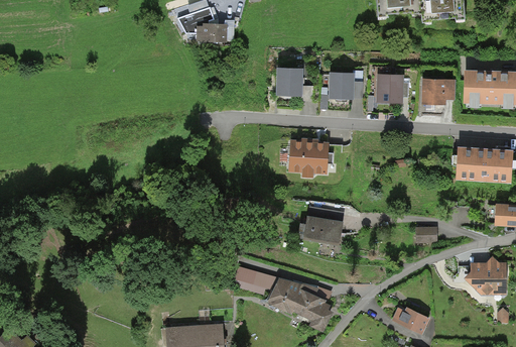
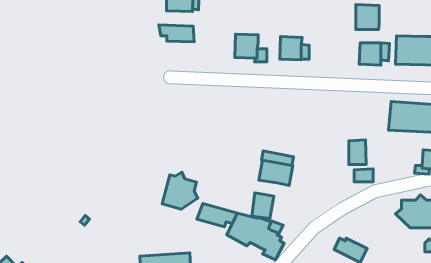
building: none -> [159,25,194,42]
building: [376,74,403,103] -> [356,5,379,30]
building: [287,138,329,179] -> none
building: none -> [349,140,366,164]
building: none -> [162,172,198,209]
building: none -> [252,193,274,218]

